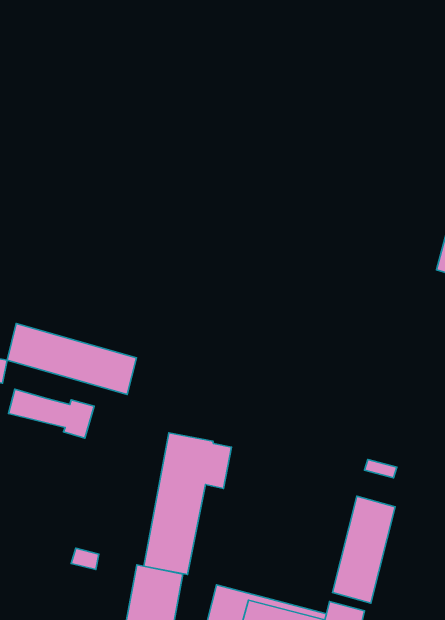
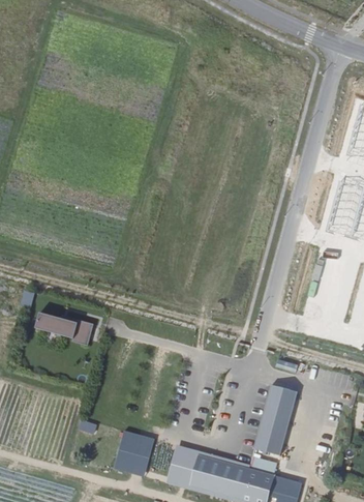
building: [7,323,136,394] -> none
building: [144,433,231,574] -> none

